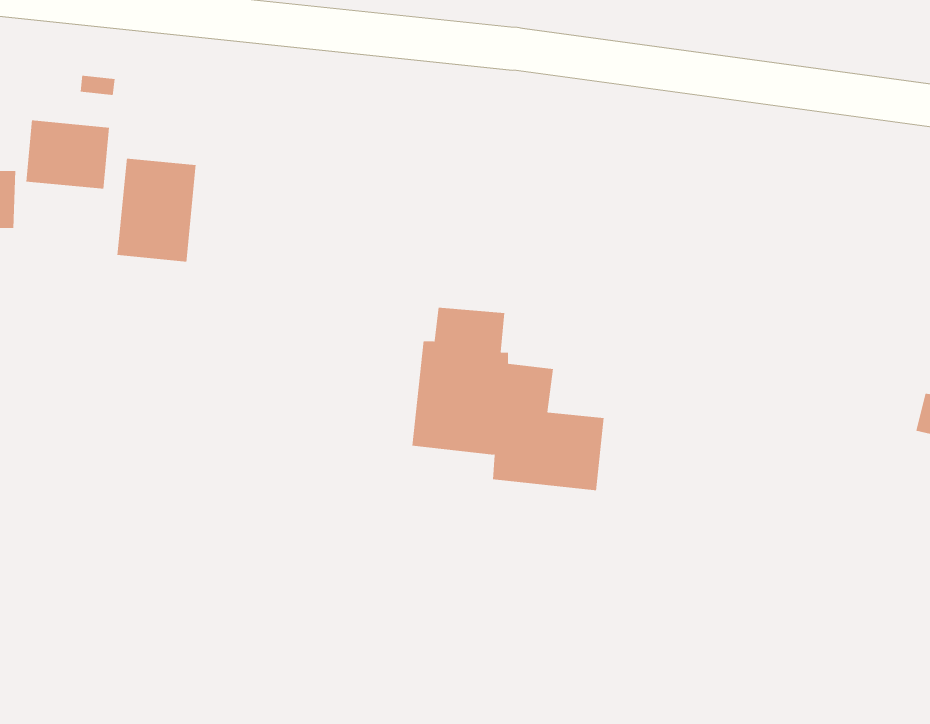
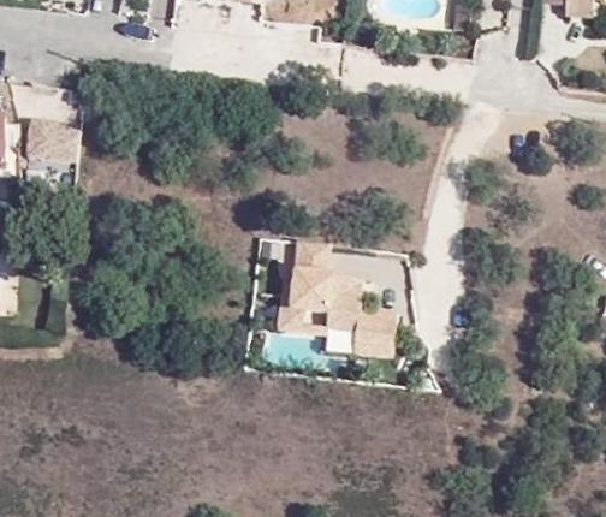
building: [117,158,196,263] -> none

